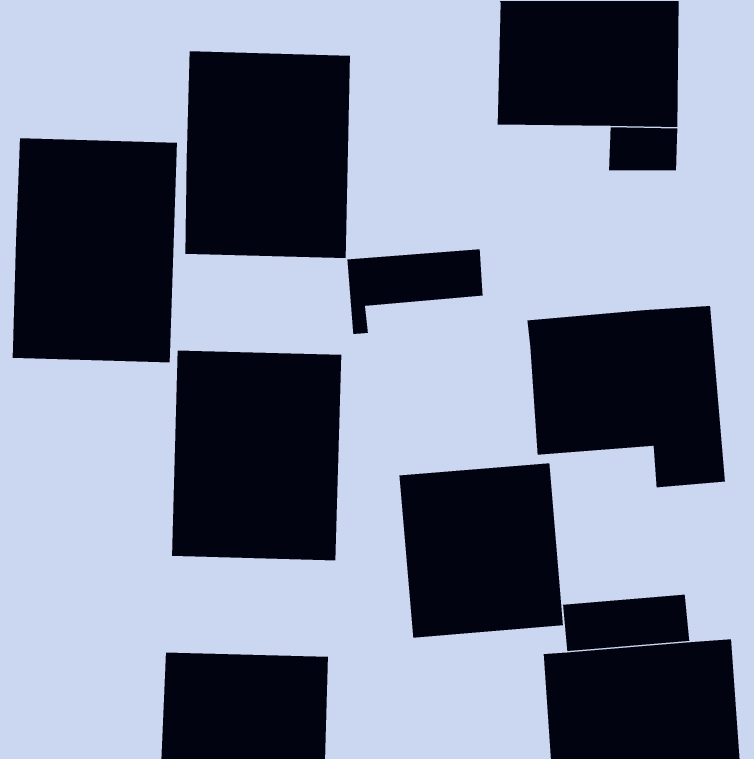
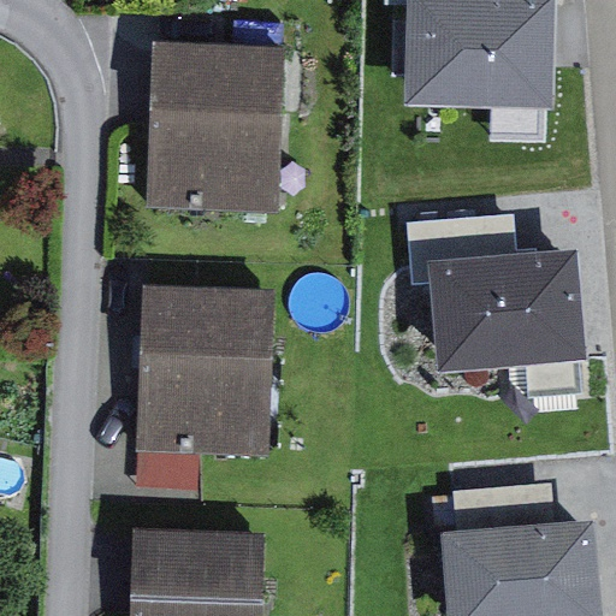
building: [12,137,178,363] -> none
building: [347,249,483,335] -> [410,213,521,283]
building: [399,462,564,638] -> none

